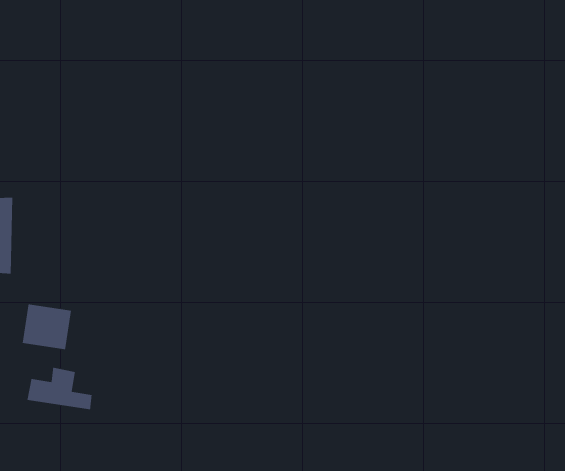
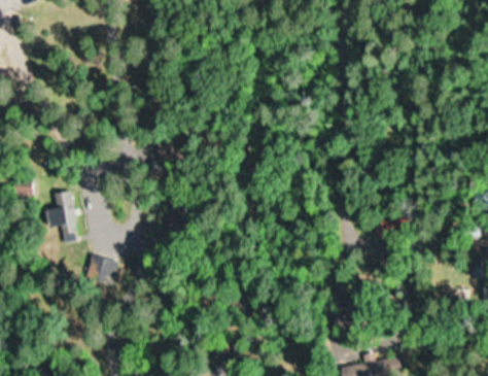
building: [27,367,92,410] -> none

